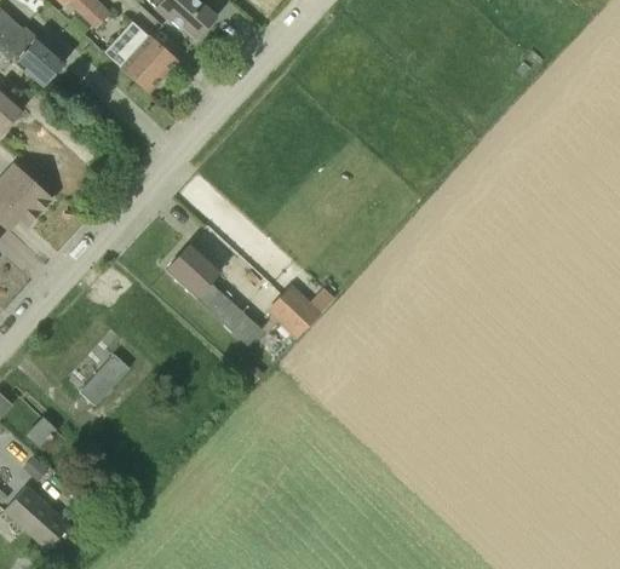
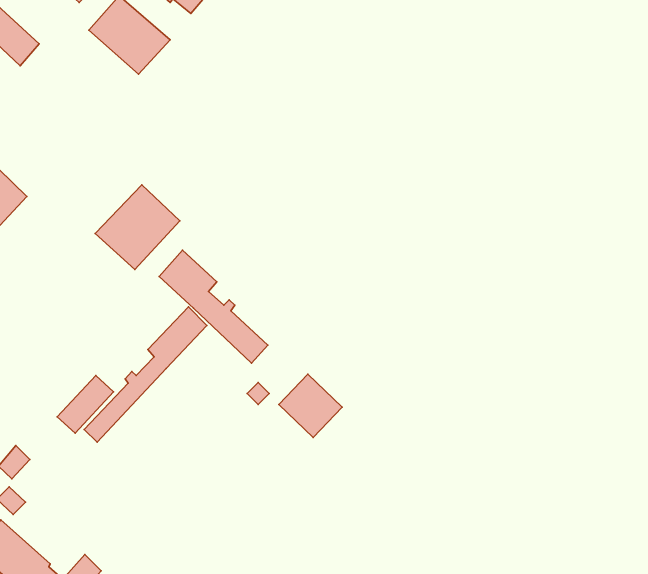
building: none -> [95,185,180,269]
building: [268,280,323,335] -> [279,374,342,438]
building: none -> [84,307,207,442]

